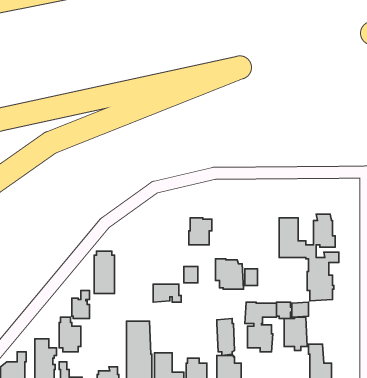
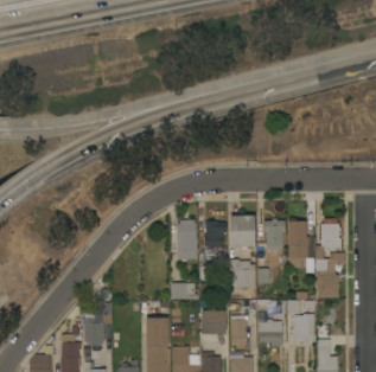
building: none -> [231,216,256,249]
building: none -> [265,218,286,250]
building: [94,251,114,293] -> [178,220,197,259]
building: none -> [202,308,227,334]

